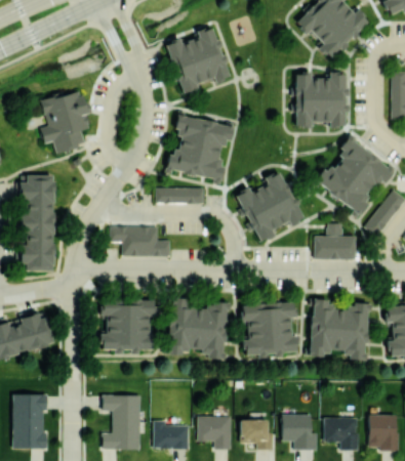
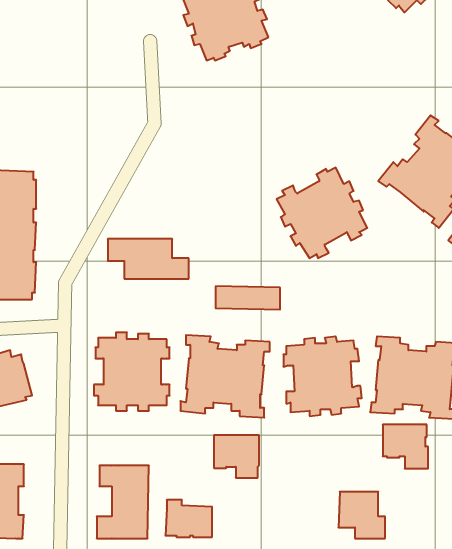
building: [292,71,351,127] -> none
building: [40,90,91,153] -> none
building: [165,110,235,184] -> none
building: [156,186,204,204] -> [216,286,280,310]
building: [314,222,356,259] -> none
building: [198,416,232,448] -> [214,435,259,478]
building: [324,417,358,450] -> [383,425,428,469]
building: [240,419,273,449] -> none

